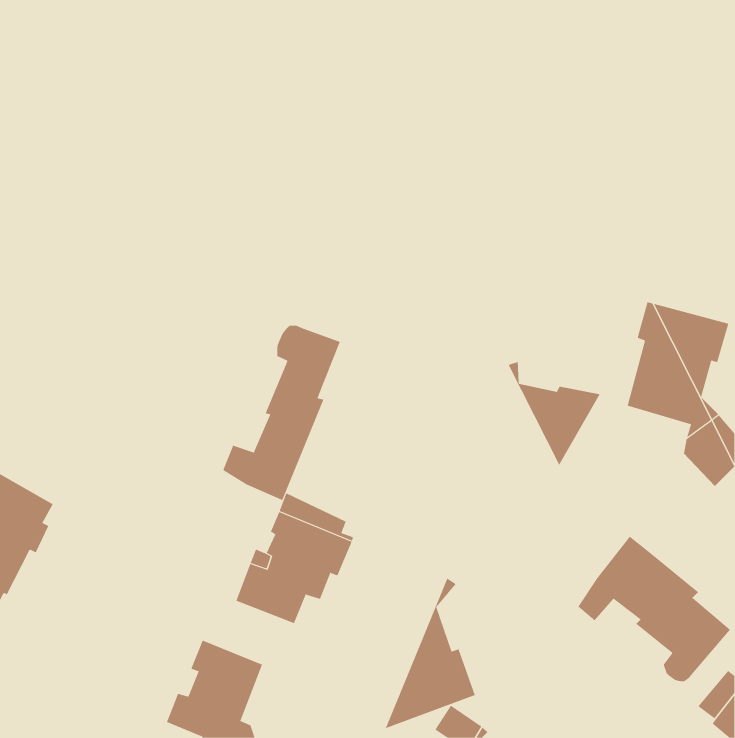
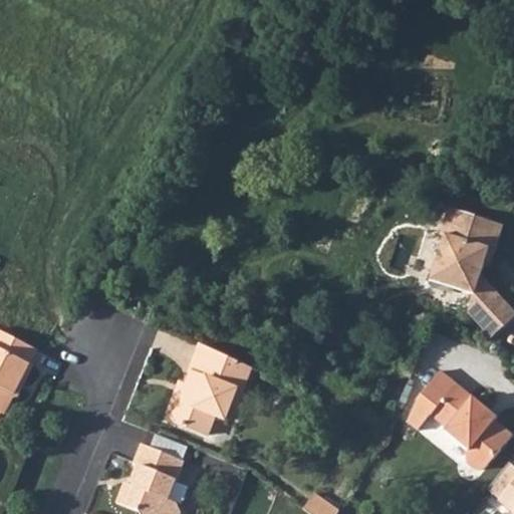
building: [223,325,341,501] -> none
building: [508,361,600,466] -> none
building: [385,577,476,729] -> none

